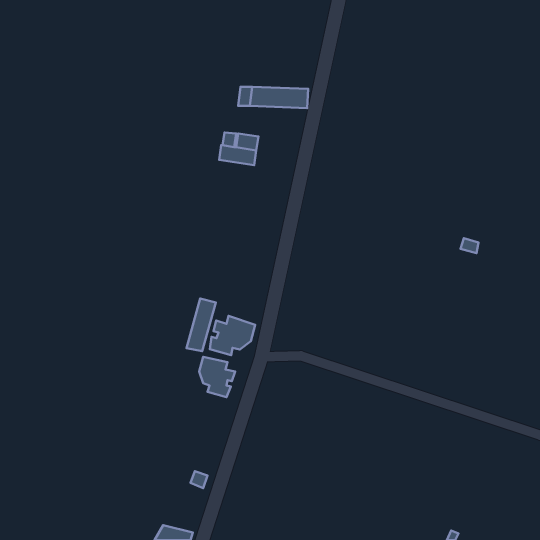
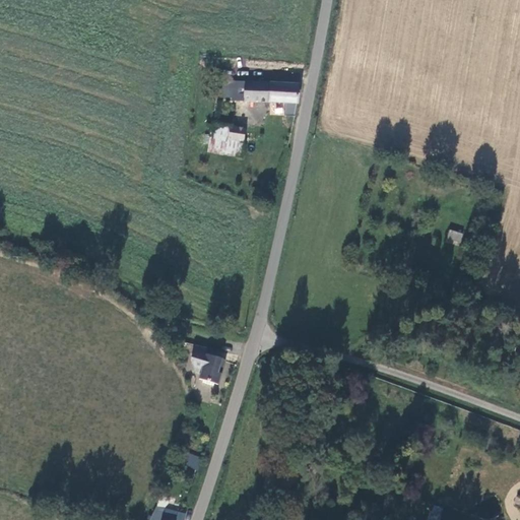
building: [186,299,216,351] -> none
building: [210,316,255,355] -> none

